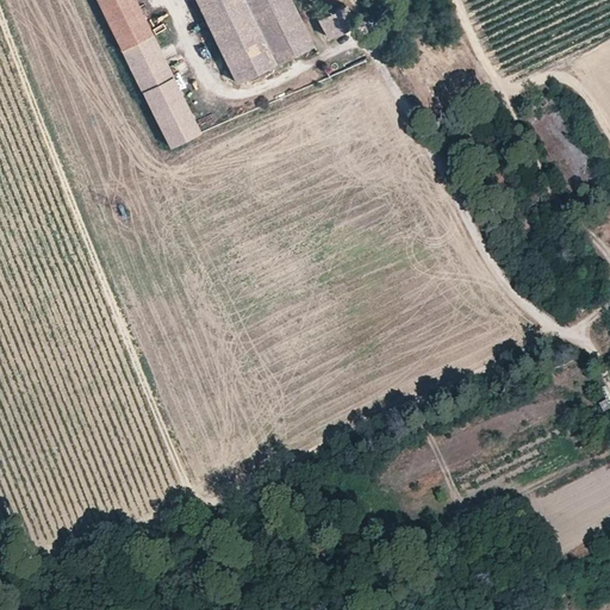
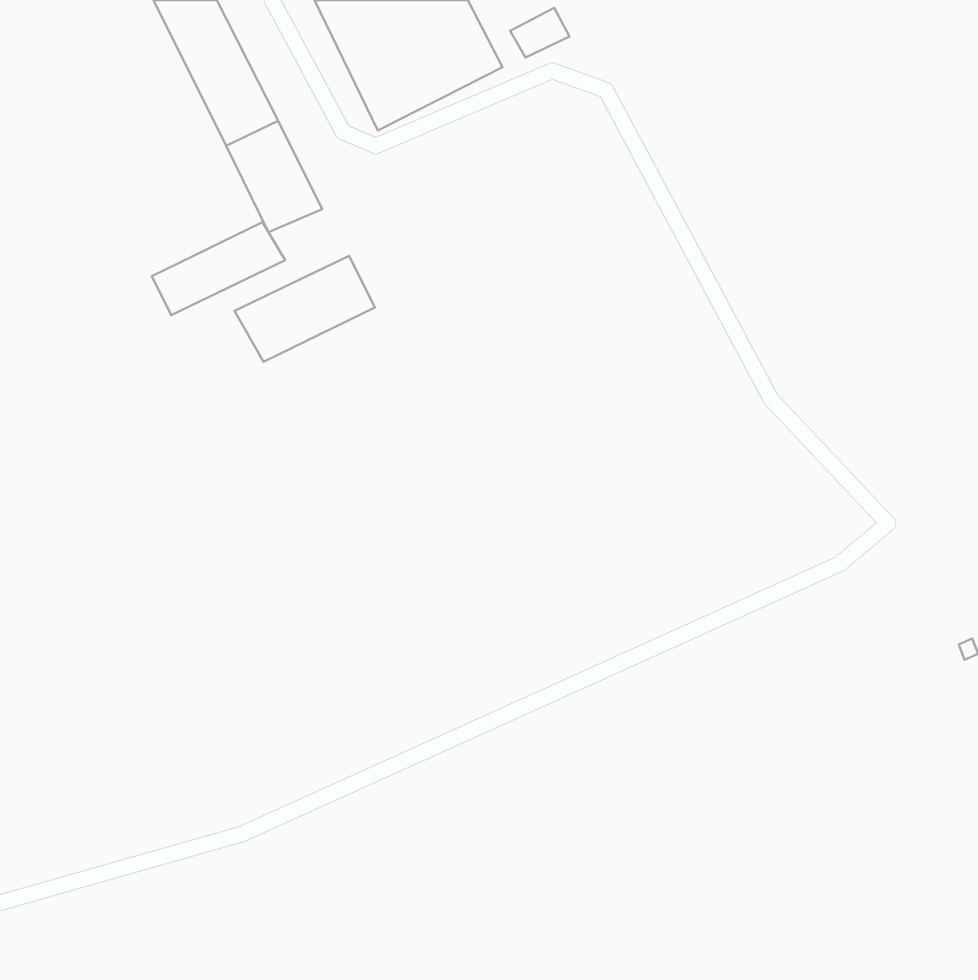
building: none -> [152,222,285,315]
building: none -> [234,256,375,362]

